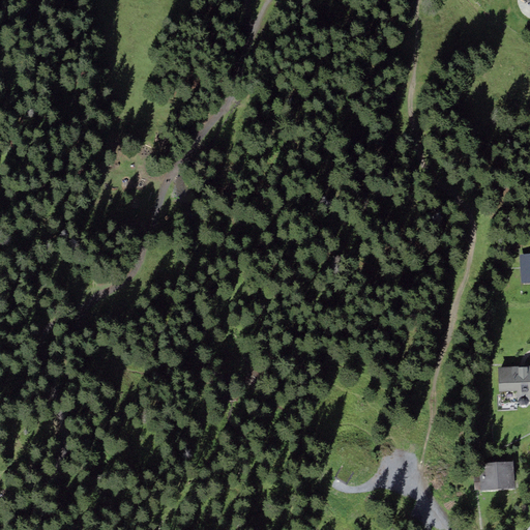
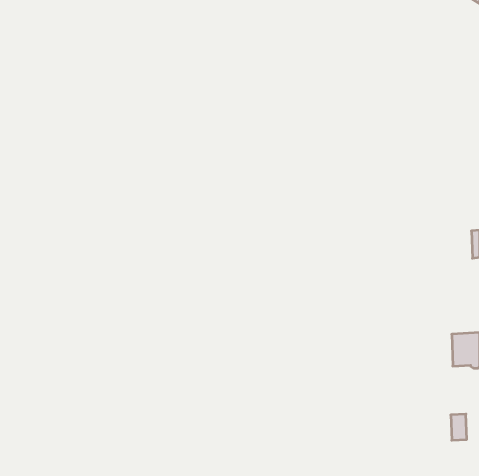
building: [480,458,499,485] -> none

